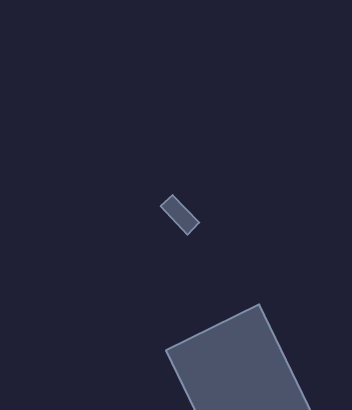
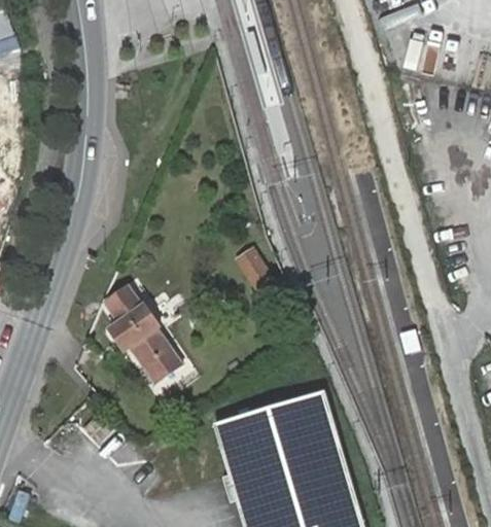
building: none -> [105,289,179,383]

